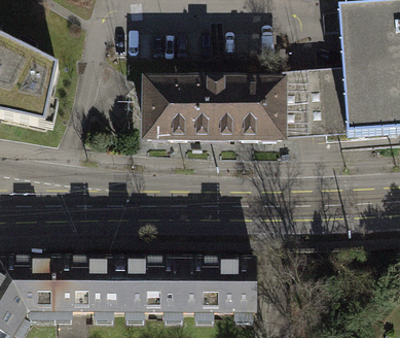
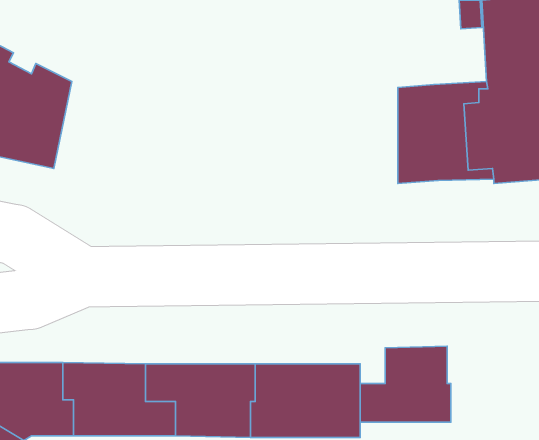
building: [148,81,282,136] -> none
building: none -> [360,346,451,422]

